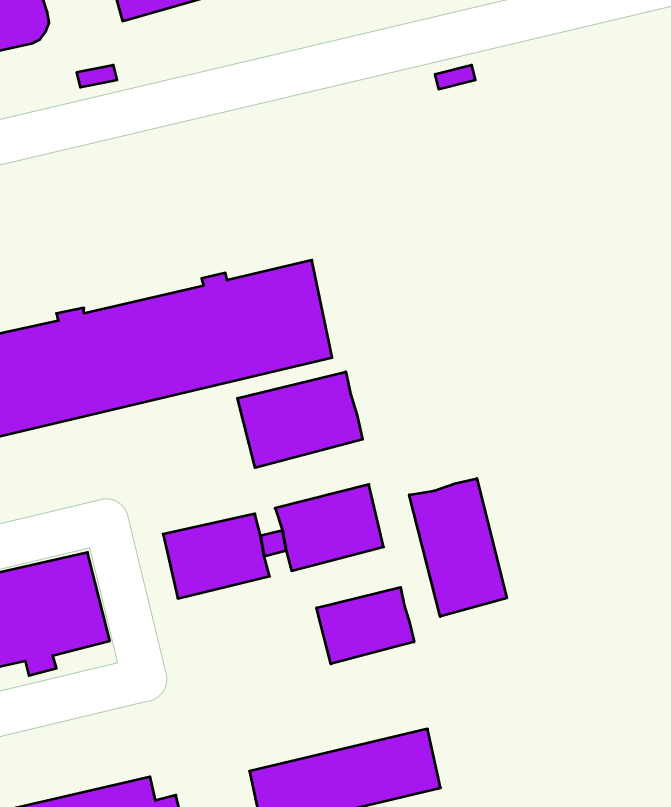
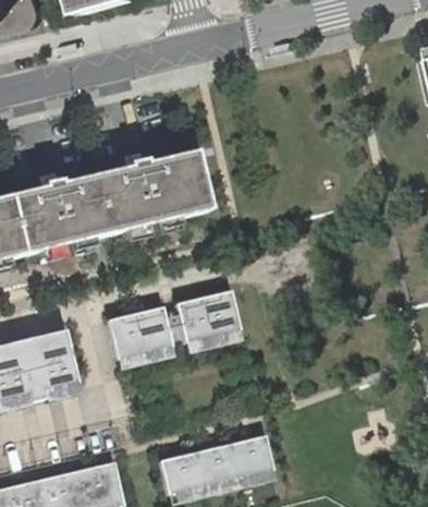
building: [237,372,363,468] -> none
building: [409,478,507,617] -> none
building: [317,587,414,664] -> none

